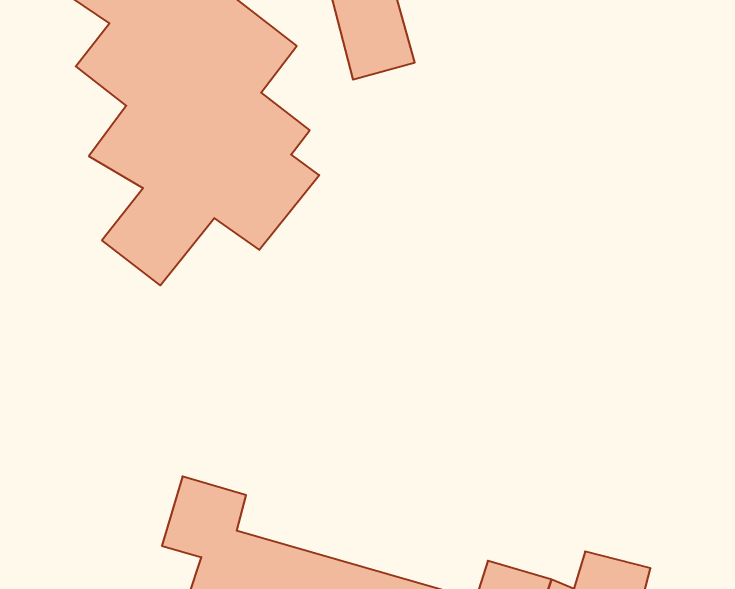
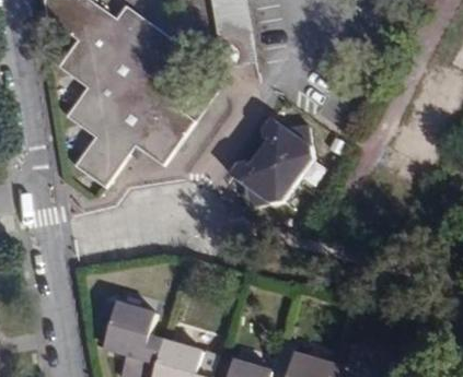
building: none -> [231,121,314,210]

